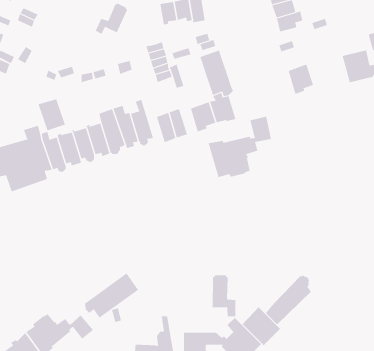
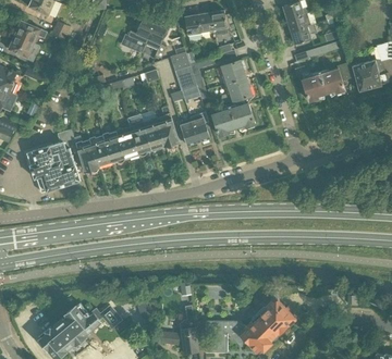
building: none -> [144,22,166,59]
building: none -> [319,63,351,92]
building: [38,98,66,131] -> none
building: [208,116,272,178] -> none
building: [85,273,139,319] -> none
building: [212,274,236,317] -> none
building: [265,275,312,325] -> none

